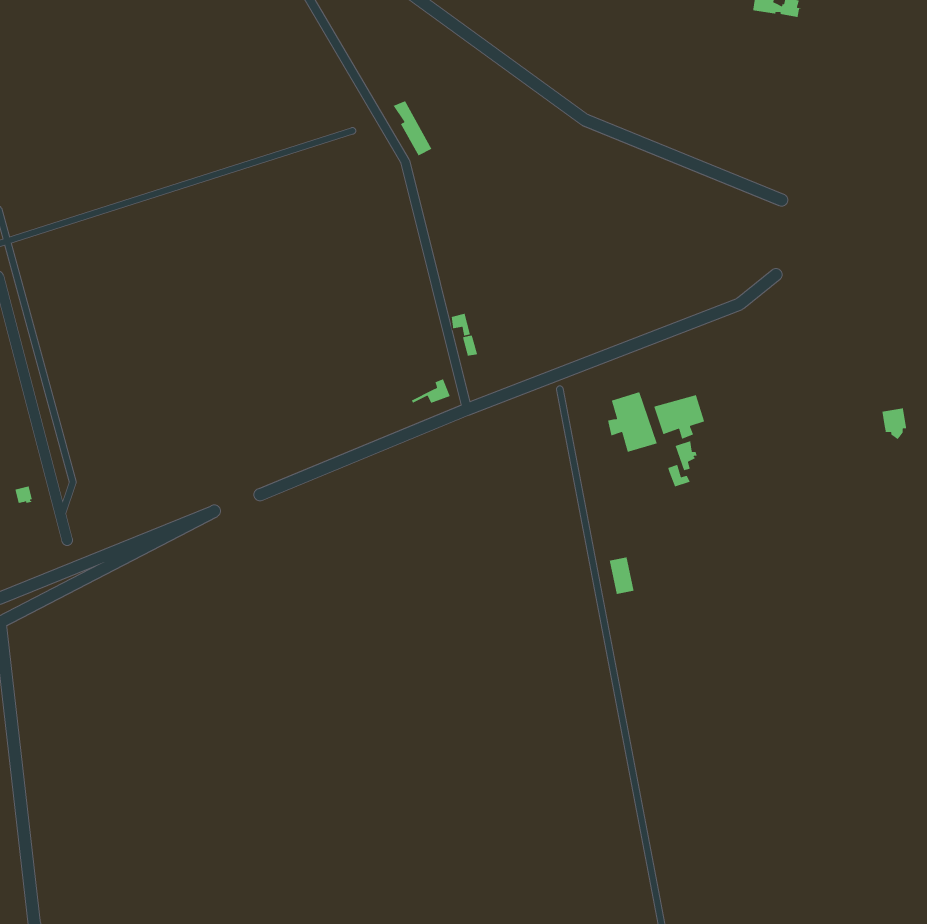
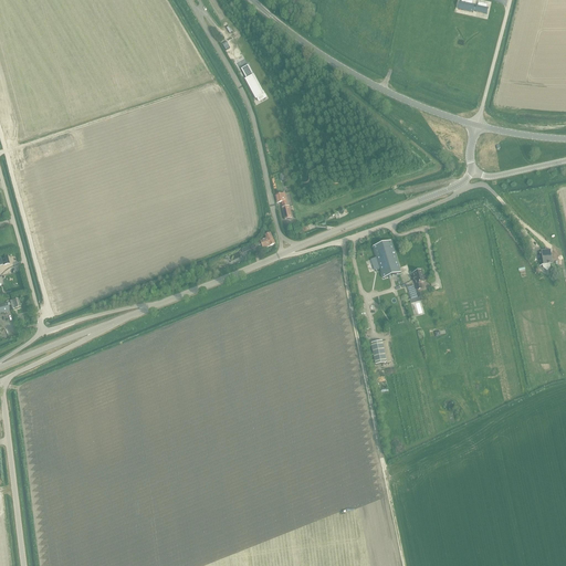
building: [653,394,705,440] -> none

